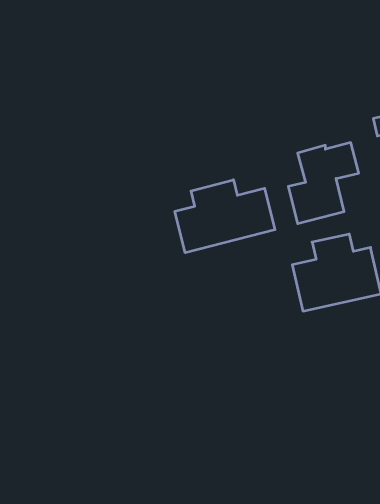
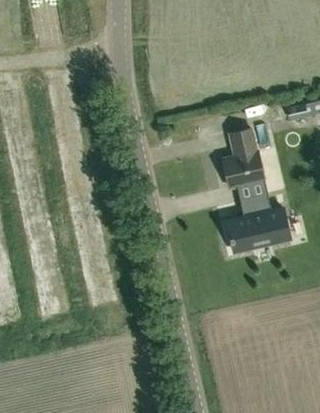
building: [175,180,275,253] -> none

